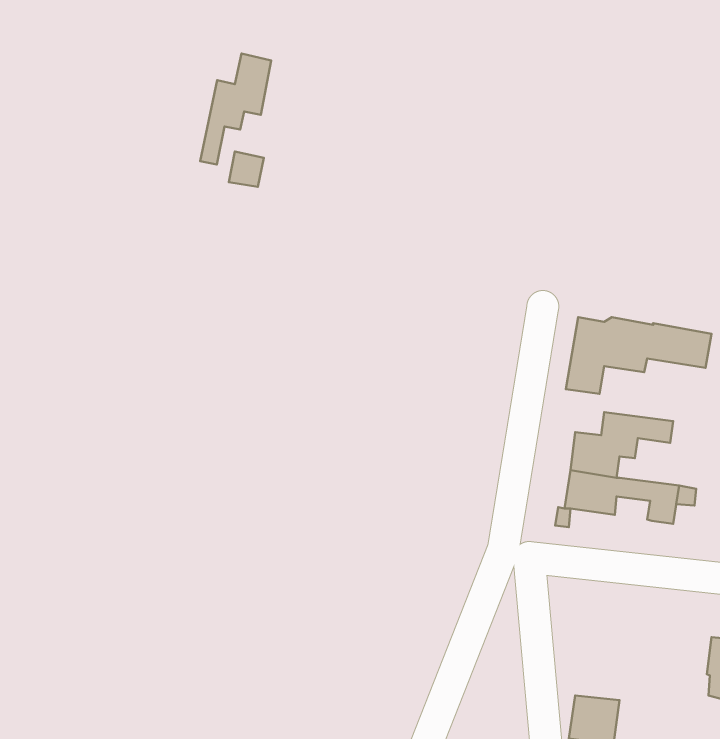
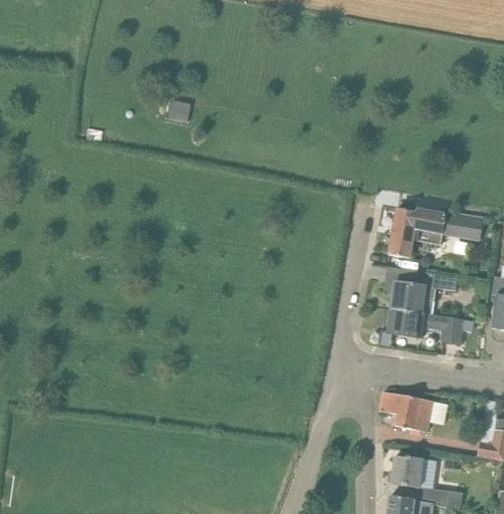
building: [200,54,271,164] -> none
building: none -> [380,392,433,432]

